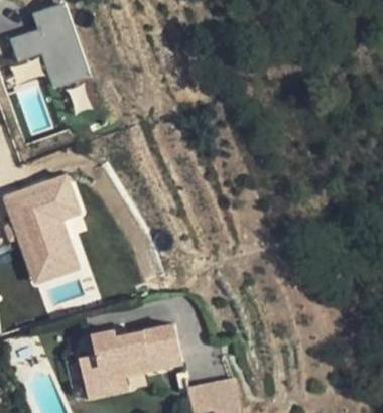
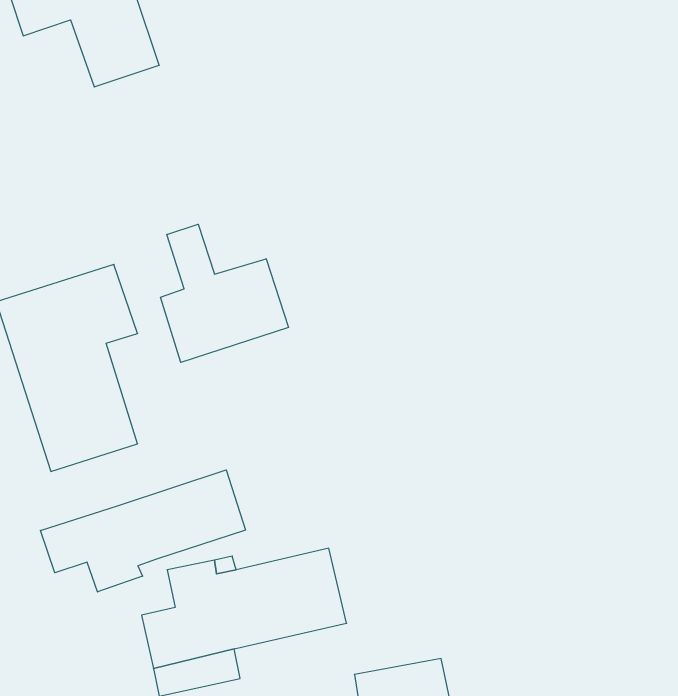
building: none -> [160,224,288,362]
building: none -> [40,470,246,592]

